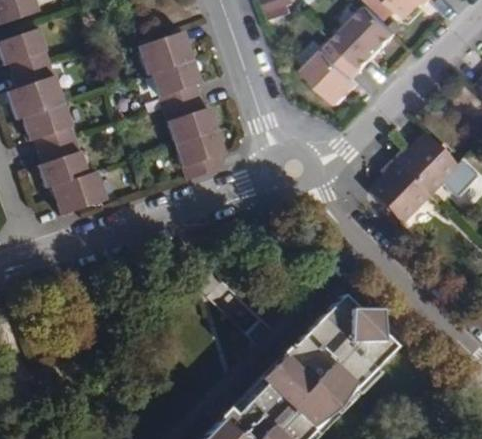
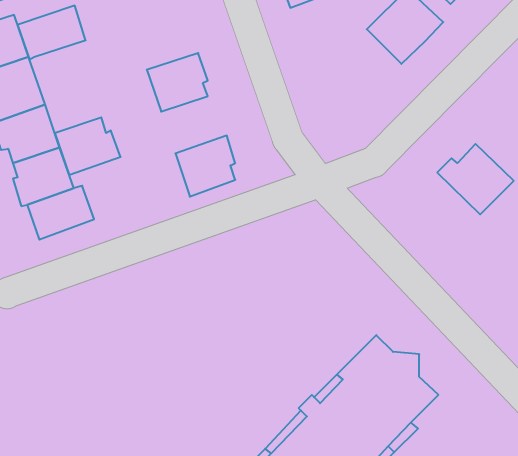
building: [136,31,193,76] -> [17,6,86,59]
building: [303,40,363,105] -> none
building: [162,96,217,144] -> [55,117,121,175]
building: [370,160,429,225] -> none

